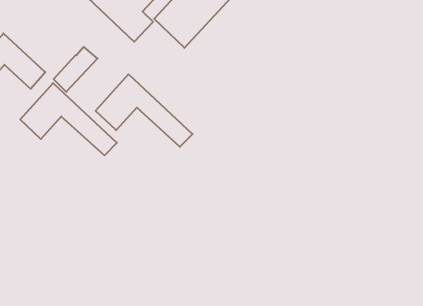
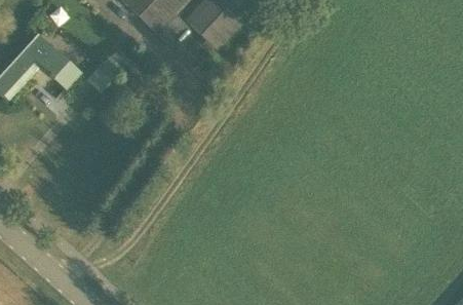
building: [96,74,193,147] -> none
building: [20,83,117,155] -> none

